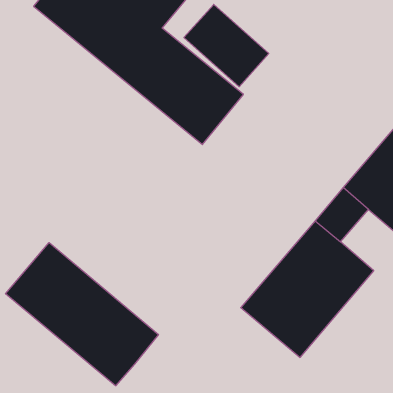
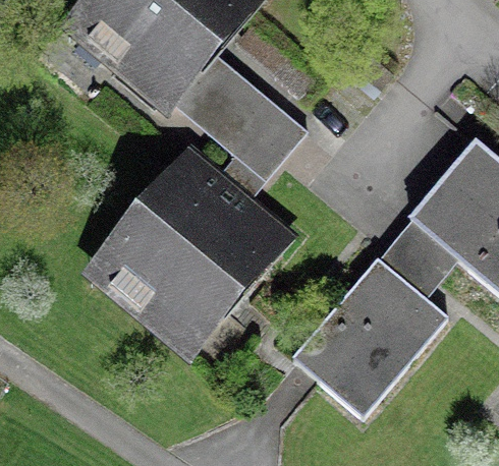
building: none -> [101,165,279,346]
building: [6,243,158,386] -> none

